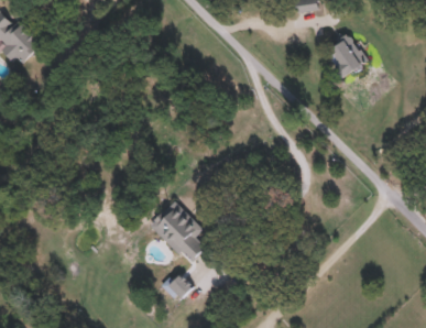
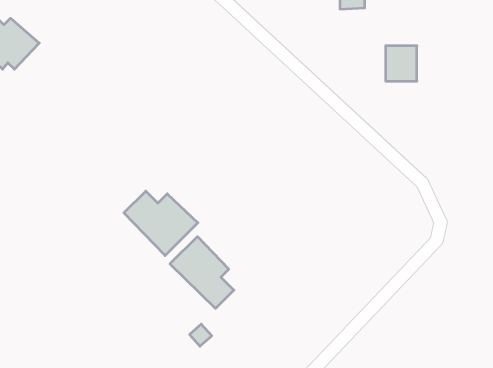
building: none -> [124,191,198,256]

